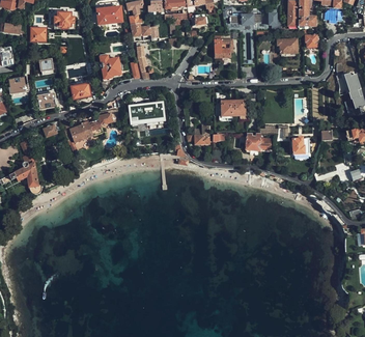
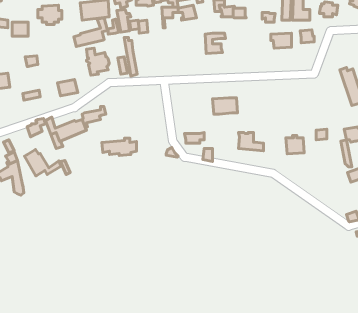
building: none -> [74,18,108,47]
building: [130,105,163,121] -> [102,138,136,156]
building: none -> [25,150,61,176]

